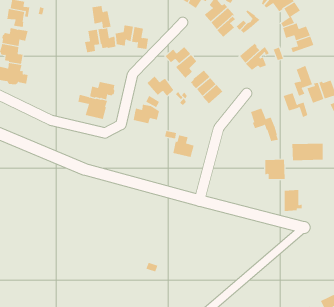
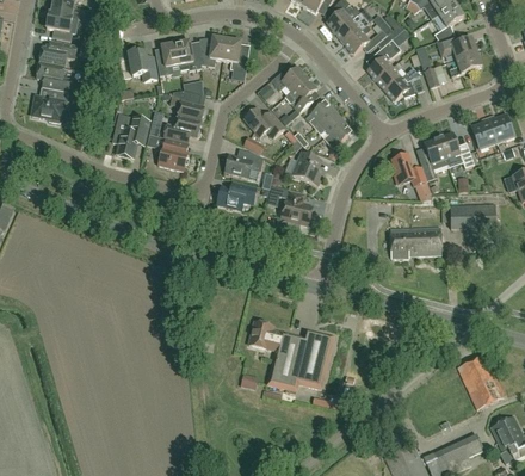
building: [91,6,112,28] -> [129,48,158,80]
building: none -> [368,41,400,80]
building: none -> [169,89,205,120]
building: [293,65,313,96] -> [420,136,447,180]
building: none -> [112,116,149,157]
building: none -> [285,150,323,184]
building: none -> [217,181,257,209]
building: [284,190,302,211] -> [390,227,416,258]
building: none -> [248,321,332,392]
building: none -> [457,354,502,408]

